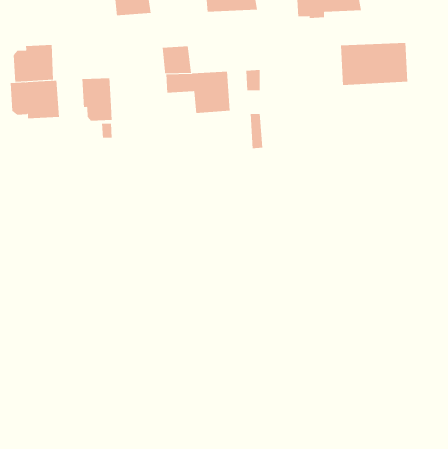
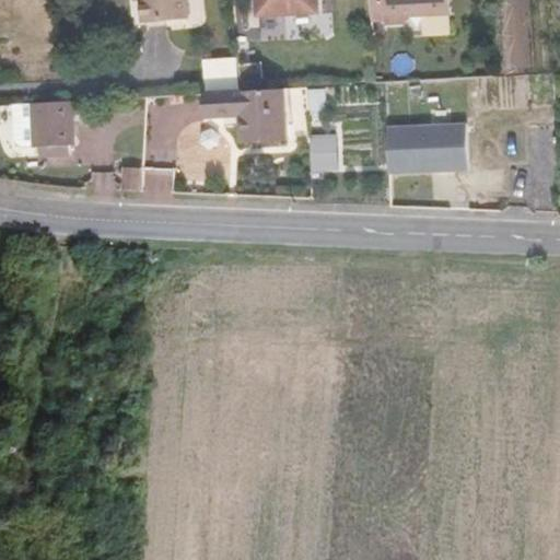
building: [340,42,408,86] -> [385,122,469,176]
building: [13,44,54,82] -> none
building: [82,78,112,121] -> none

